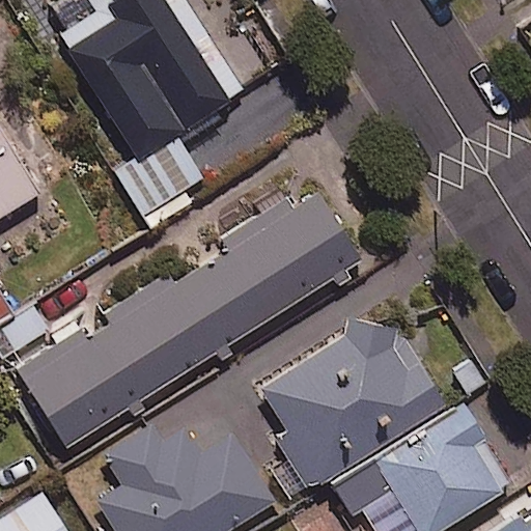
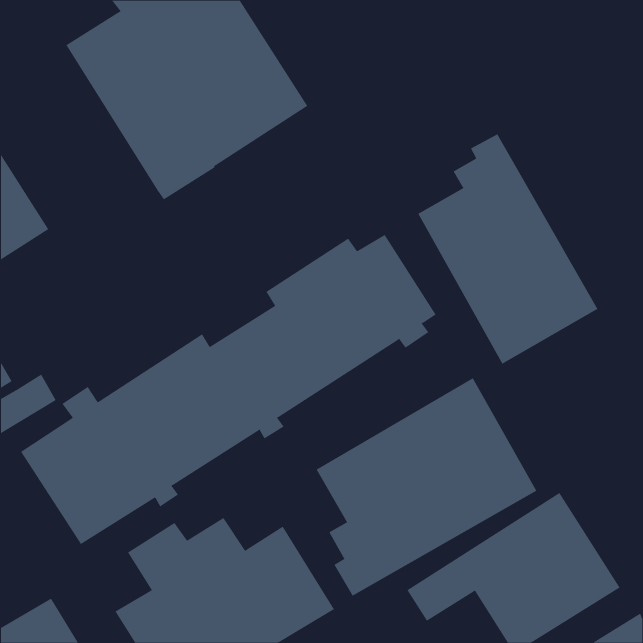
building: none -> [418,133,598,365]
building: [112,138,202,228] -> none

